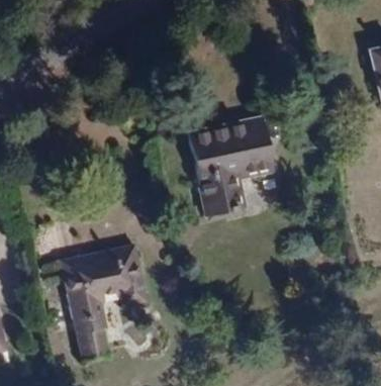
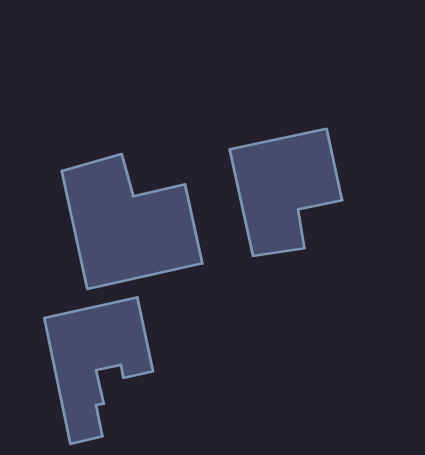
building: none -> [62,154,202,289]

